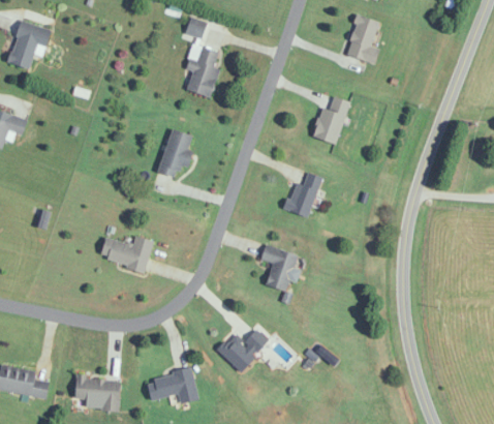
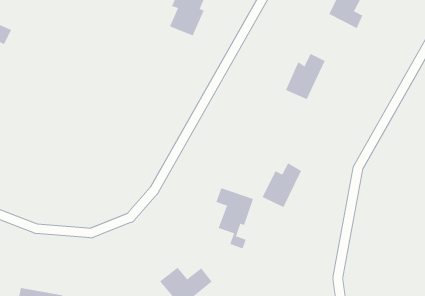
building: [158,128,194,177] -> none
building: [285,171,321,217] -> [262,162,302,208]
building: [99,236,153,272] -> none

